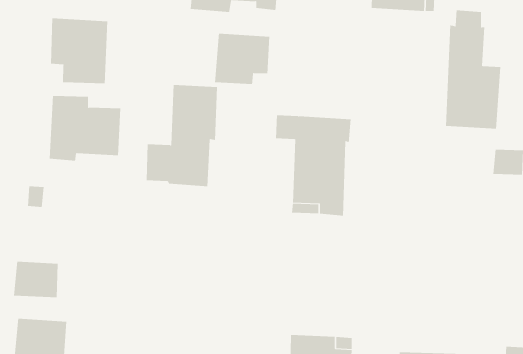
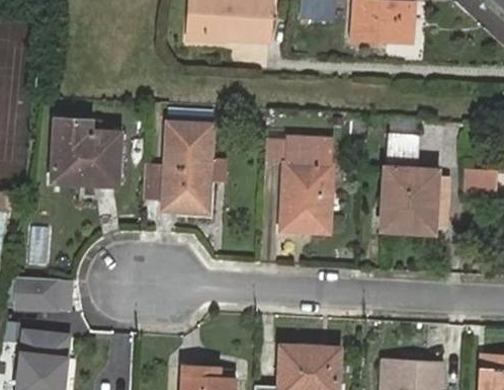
building: [445,10,501,129] -> [382,119,434,231]
building: [50,18,108,84] -> none
building: [215,33,270,85] -> none

